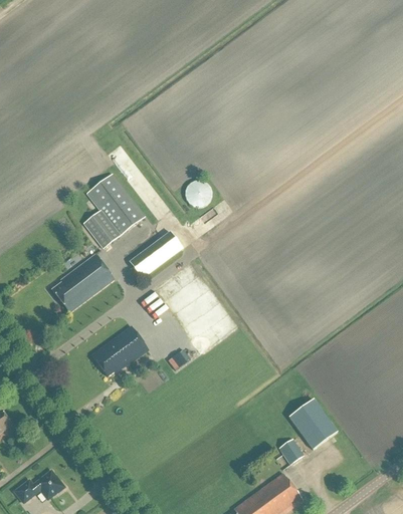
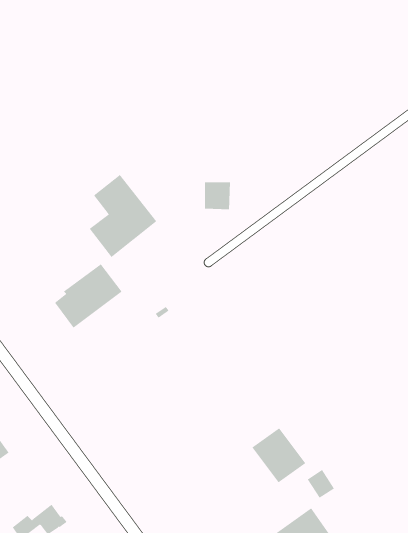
building: [130,232,183,279] -> none
building: [90,326,148,376] -> none
building: [288,399,338,449] -> [251,427,306,483]

